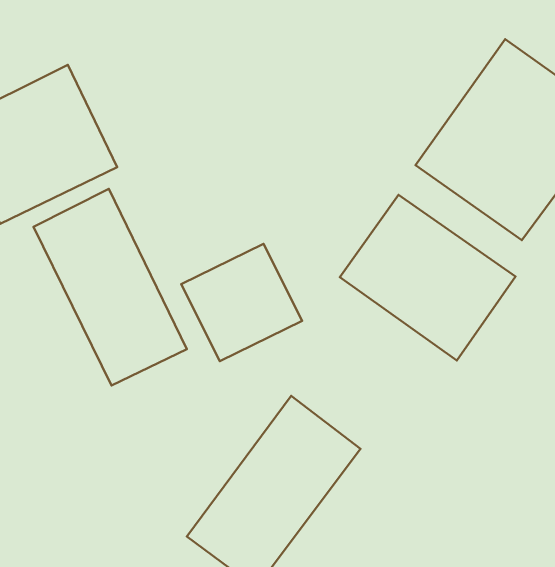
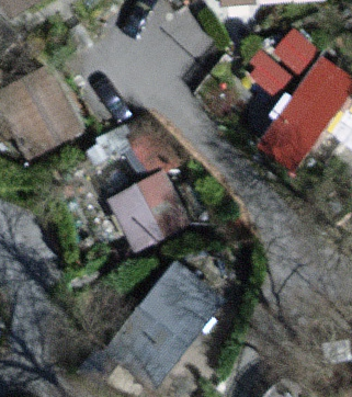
building: [33,189,187,385] -> none
building: [340,195,515,360] -> none

